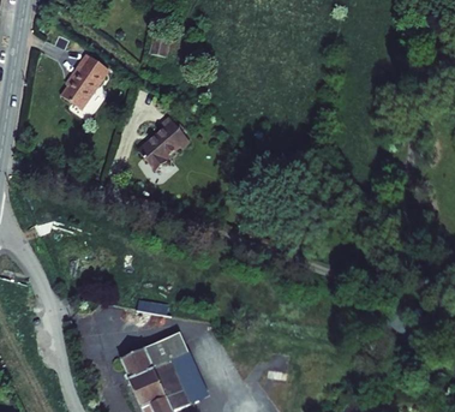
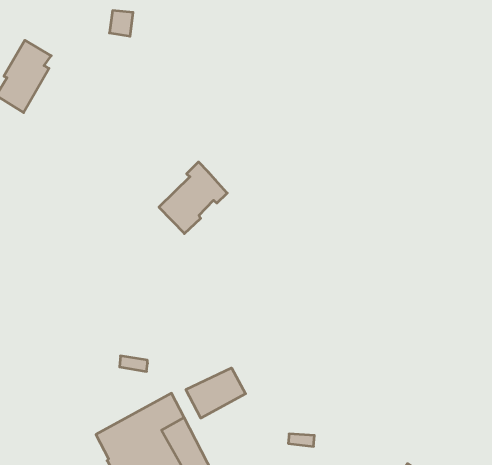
building: [137,117,190,171] -> [159,162,227,234]
building: none -> [186,368,246,418]

